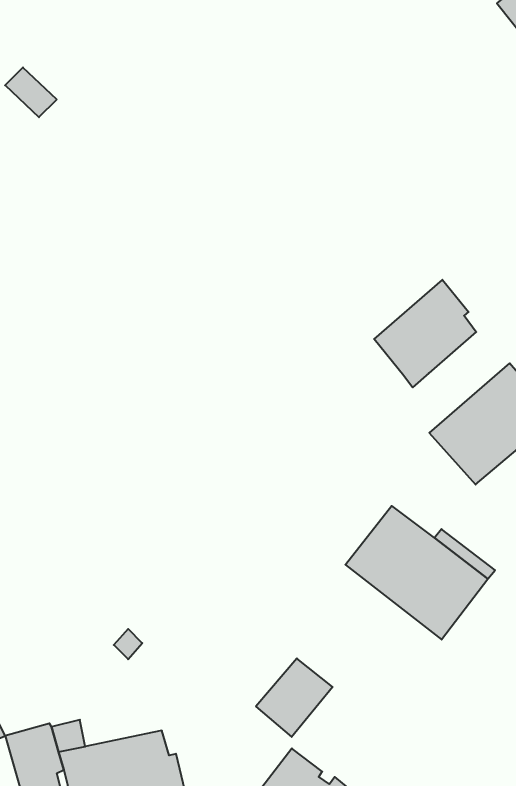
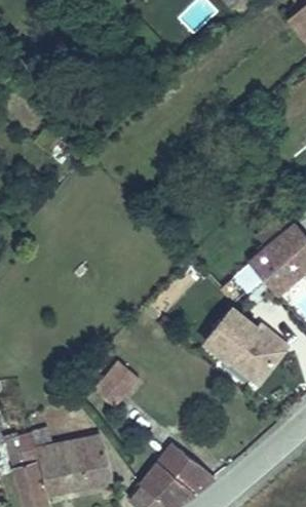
building: [374,280,476,387] -> none
building: [256,658,333,737] -> [95,361,140,406]

